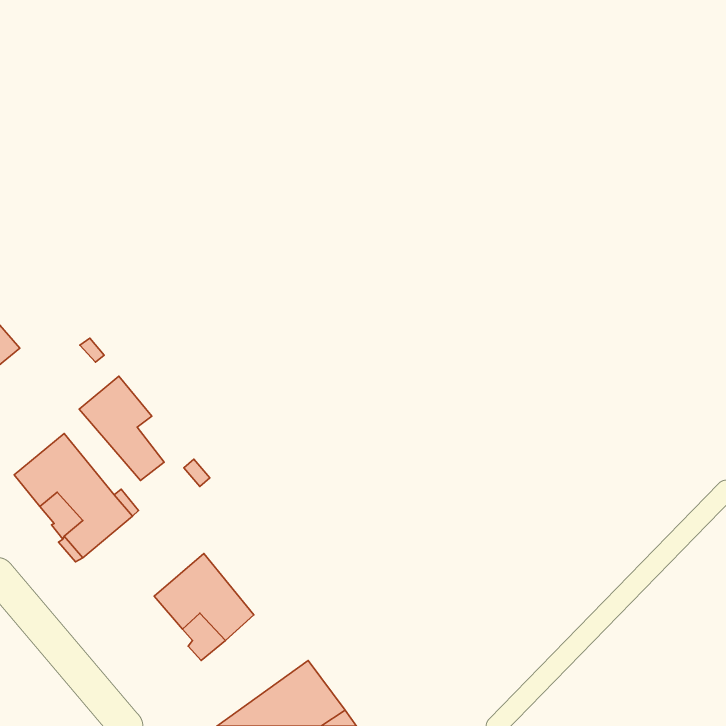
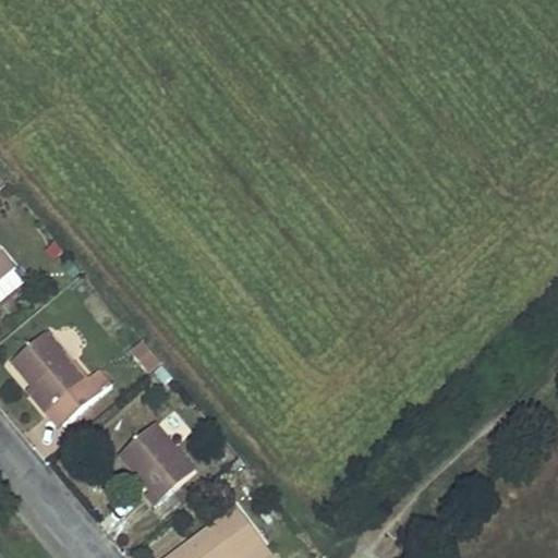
building: [79,376,164,481] -> none

